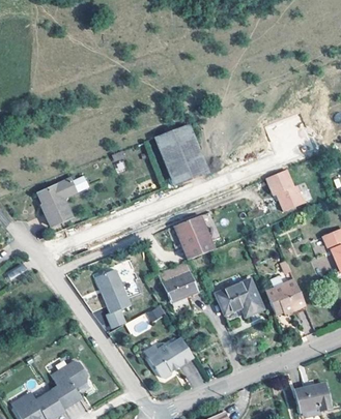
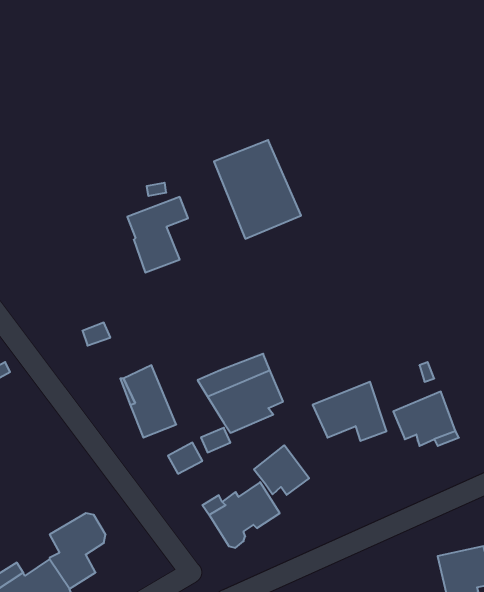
building: [265,171,304,212] -> none
building: [38,178,77,226] -> [127,197,188,273]
building: [174,214,214,259] -> none
building: none -> [254,445,309,495]

